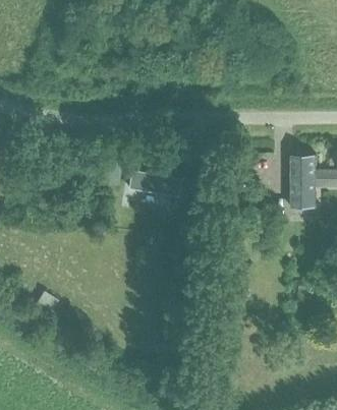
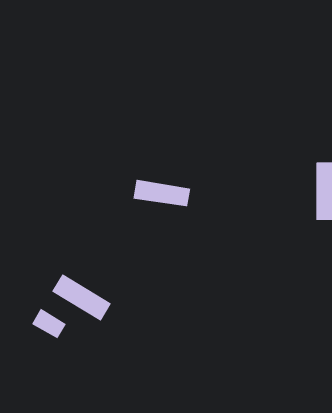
building: none -> [51,273,112,322]

